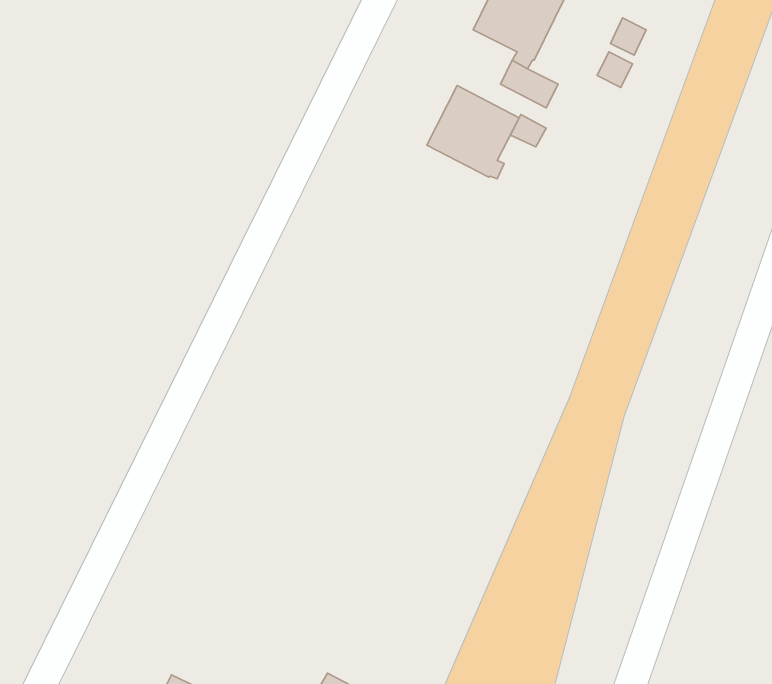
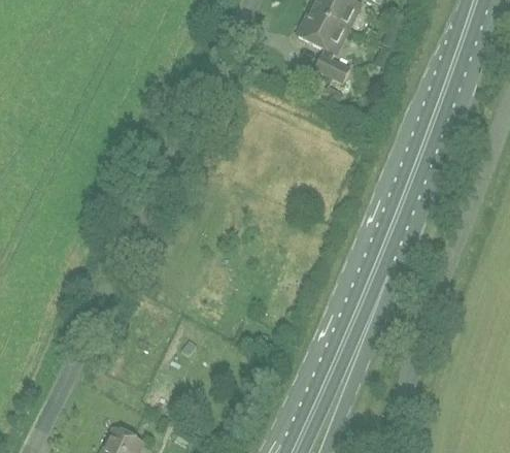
building: [427,86,519,179] -> none

